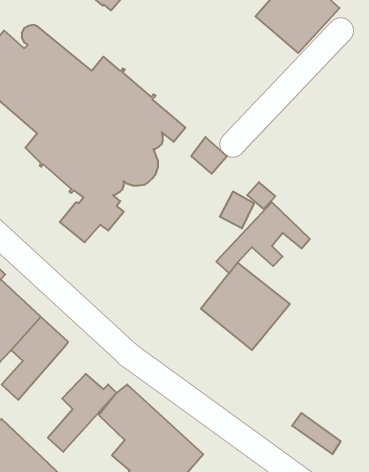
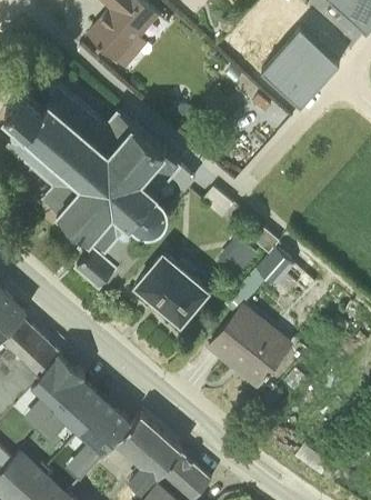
building: none -> [134,248,209,320]
building: none -> [37,378,100,439]

